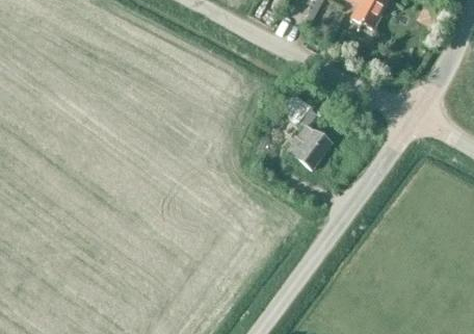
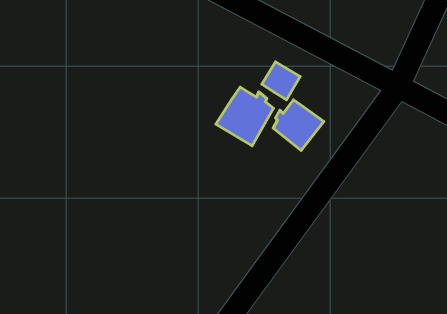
building: none -> [216,87,273,146]

